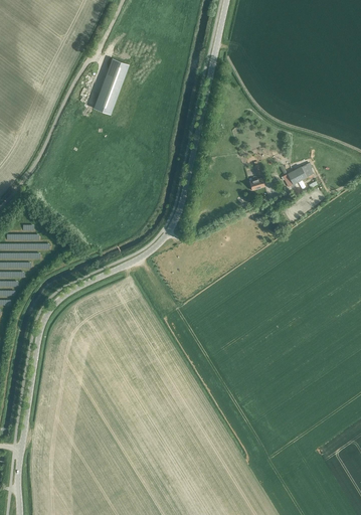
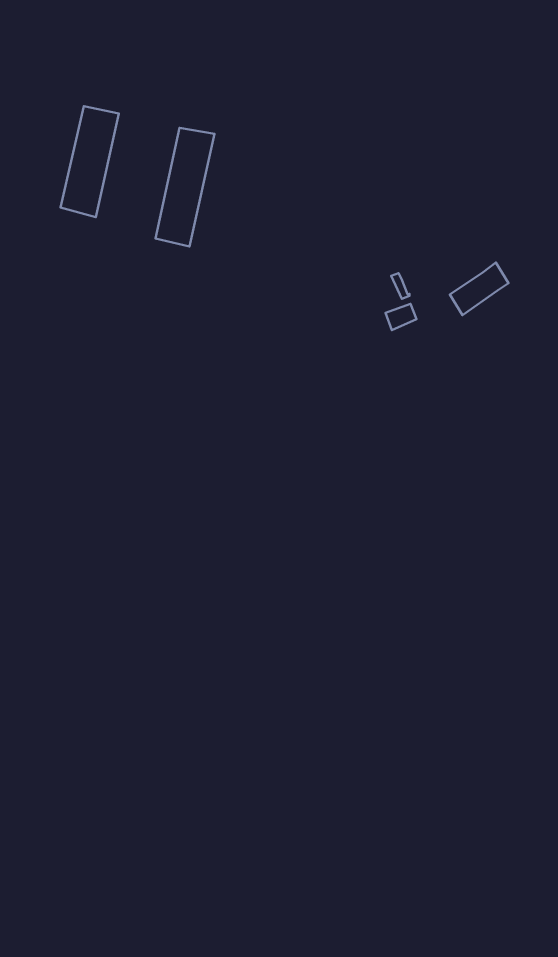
building: none -> [156,128,215,246]

